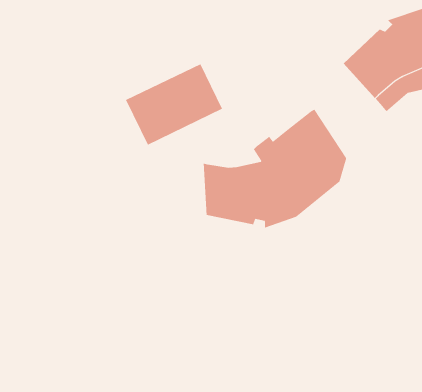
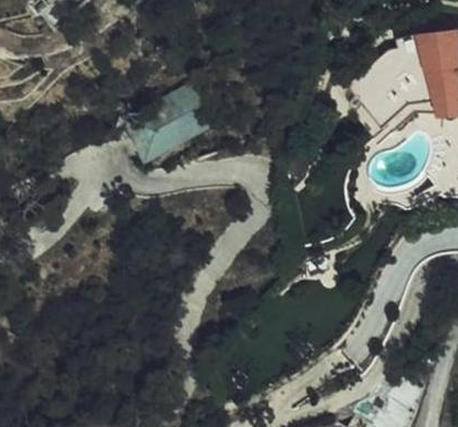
building: [203,109,347,228] -> none

